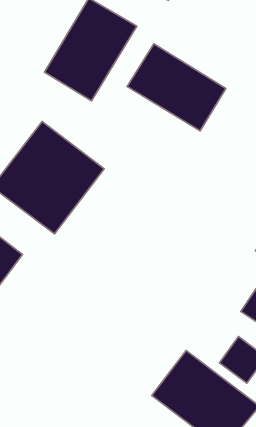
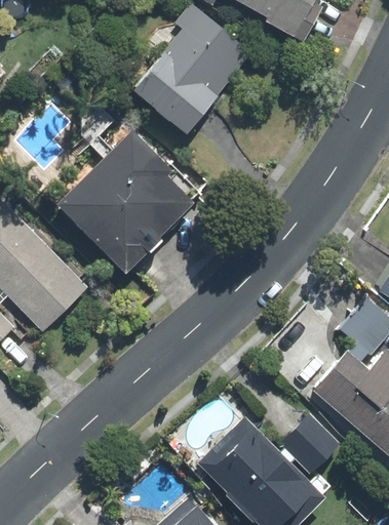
building: [127,44,226,131] -> none

